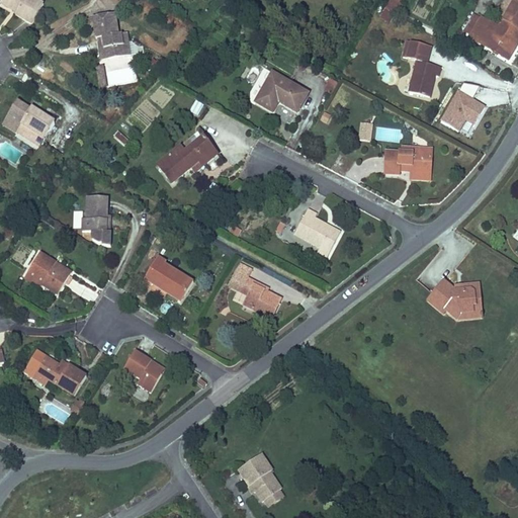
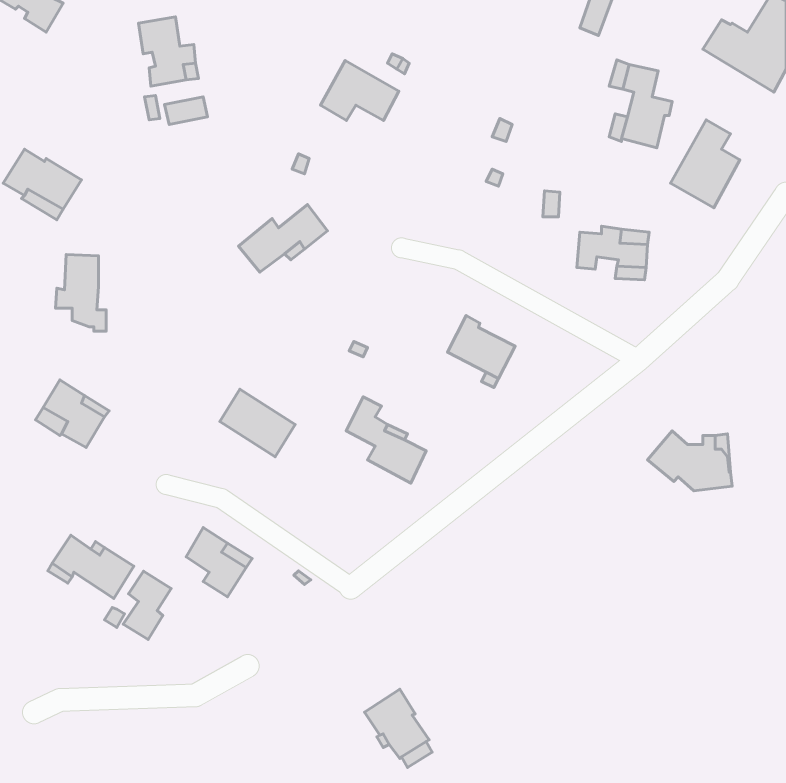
building: [255,70,307,109] -> [320,61,399,121]
building: [79,194,112,245] -> [55,254,106,331]
building: none -> [123,571,171,640]

